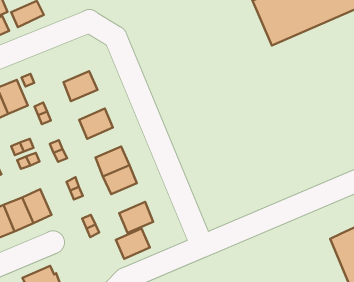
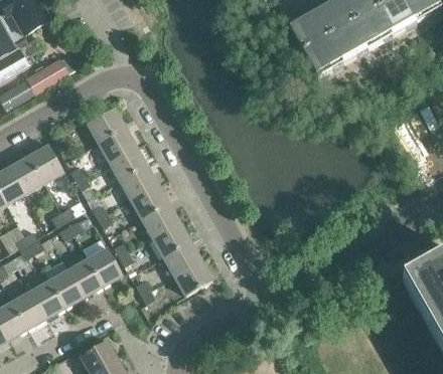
building: none -> [87,108,125,142]
building: none -> [109,146,146,180]
building: none -> [131,184,168,218]
building: none -> [87,247,122,285]
building: [116,229,150,259] -> [163,240,200,274]

